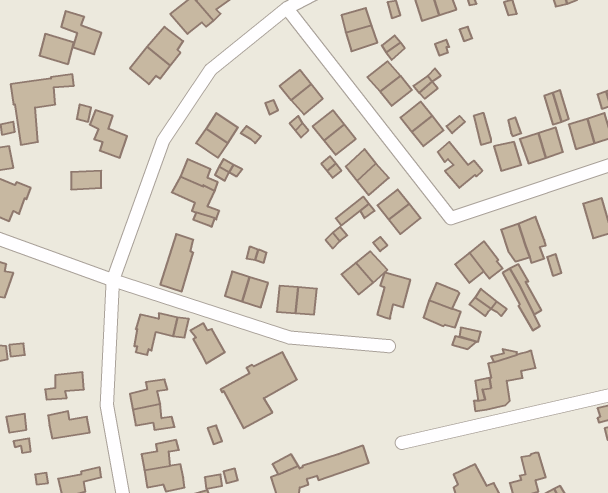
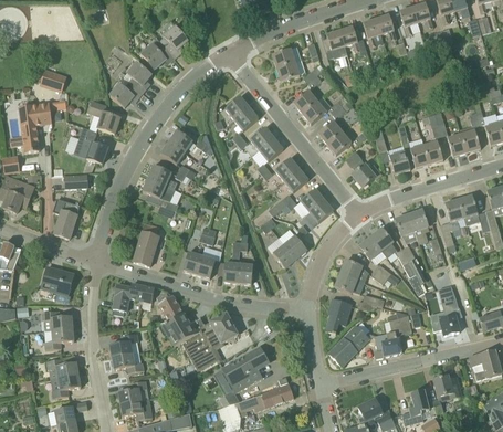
building: [61,11,101,54] -> [88,101,119,134]
building: none -> [53,198,80,239]
building: none -> [439,199,463,245]
building: [377,273,410,319] -> [326,298,352,334]
building: none -> [41,266,73,301]
building: none -> [430,286,459,336]
building: none -> [42,310,73,330]
building: none -> [161,313,203,347]
building: none -> [328,326,368,366]
building: none -> [222,348,268,391]
building: none -> [50,375,81,398]
building: none -> [432,375,462,413]

